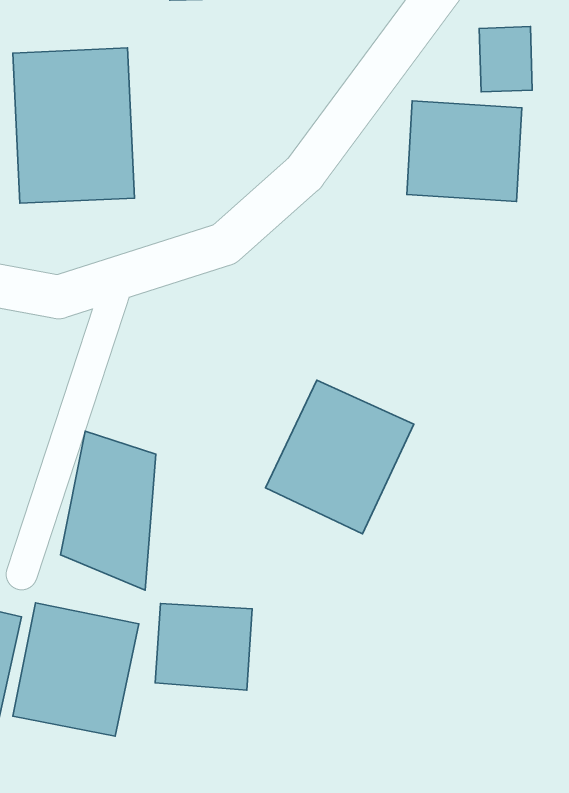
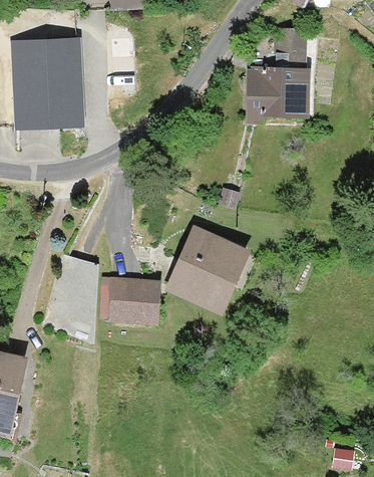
building: [13,603,139,736] -> none
building: [155,603,252,690] -> [103,276,158,325]

